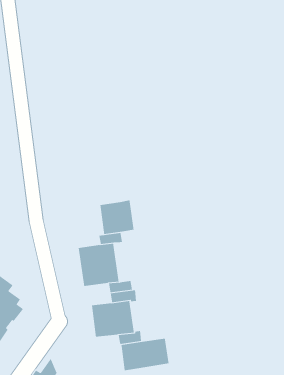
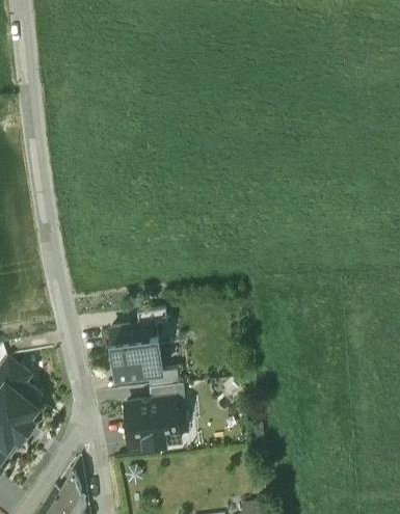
building: [100,199,134,235] -> none
building: [121,338,169,371] -> none

